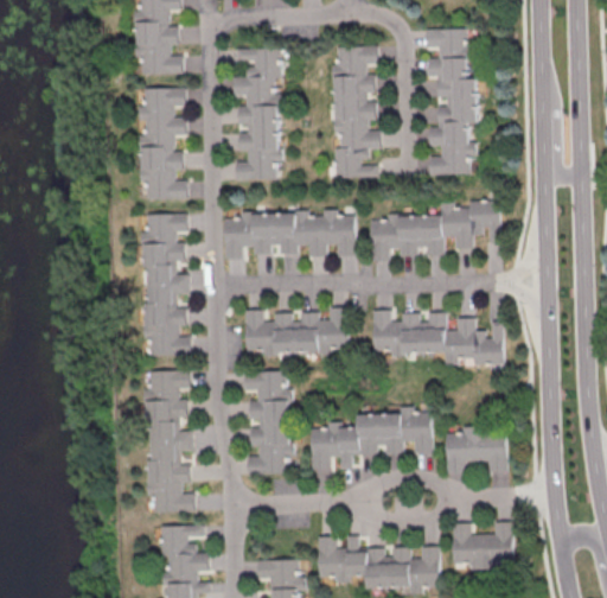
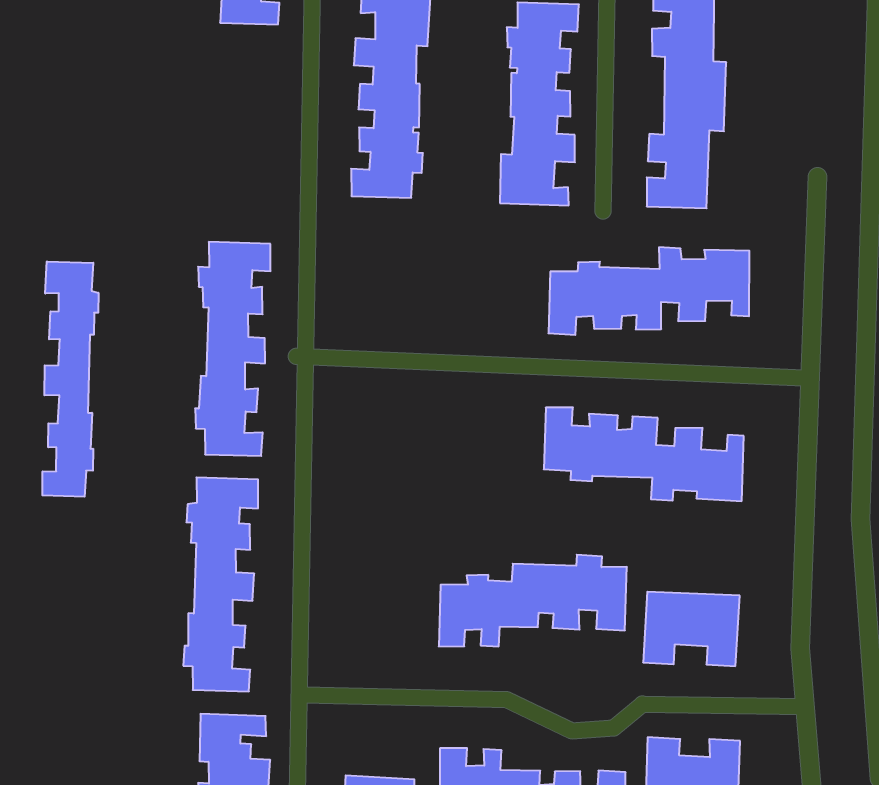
building: [139,87,186,199] -> none
building: [224,210,356,260] -> none
building: none -> [42,261,98,497]
building: [244,306,349,355] -> none
building: [243,370,290,473] -> none

